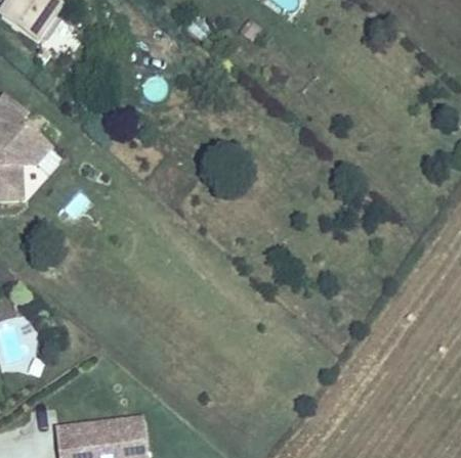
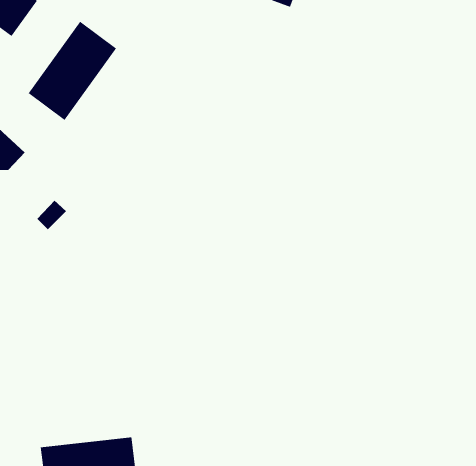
building: none -> [28,21,117,121]

